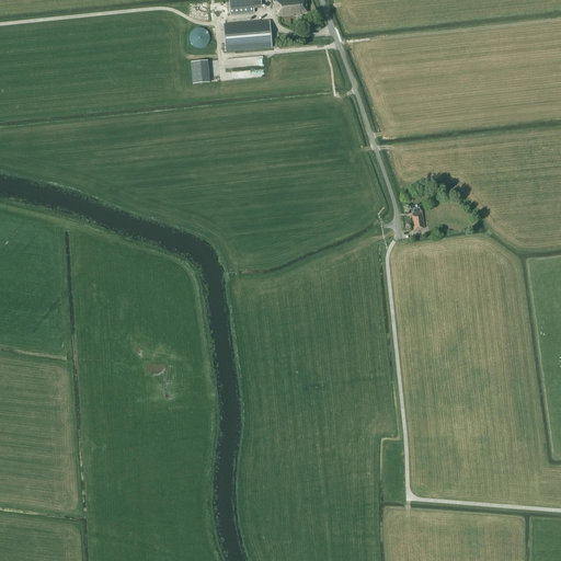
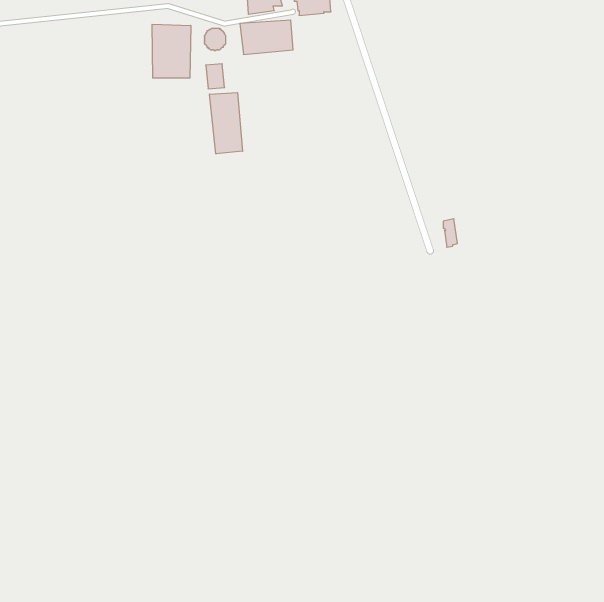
building: none -> [152,24,191,78]
building: none -> [210,93,243,154]

